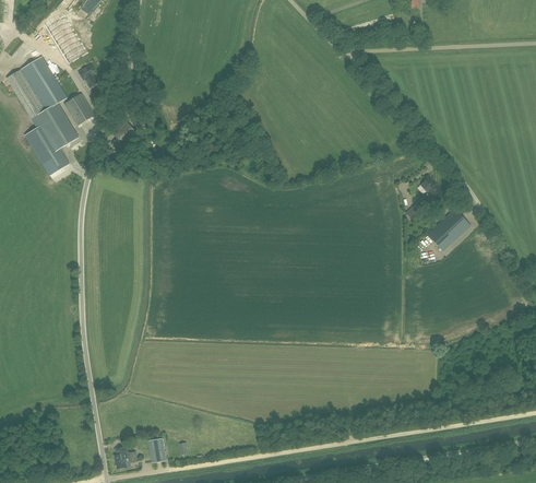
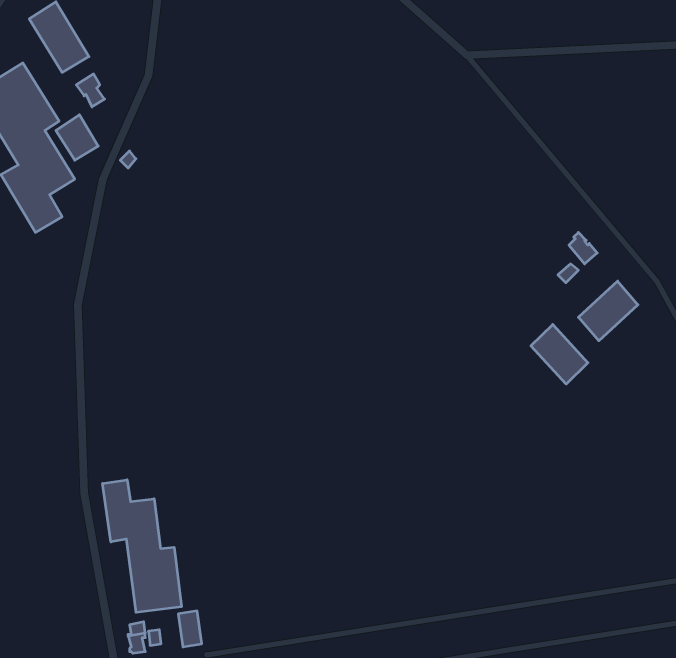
building: none -> [531,324,588,384]
building: none -> [103,480,181,612]

